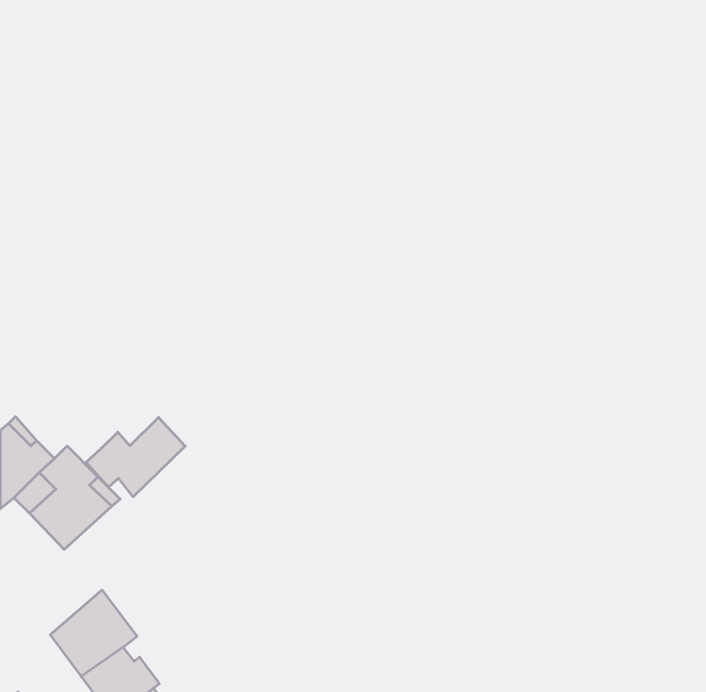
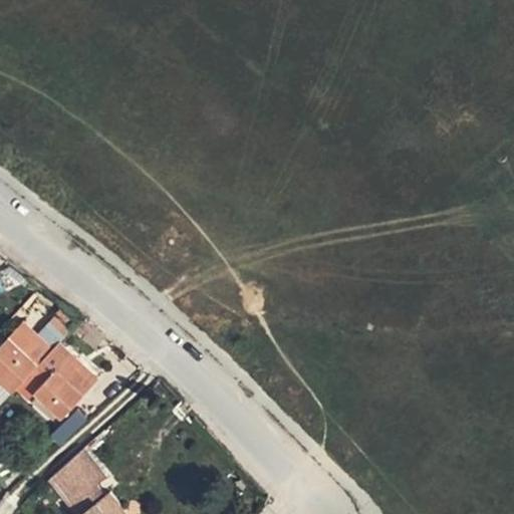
building: [86,417,185,497] -> none

